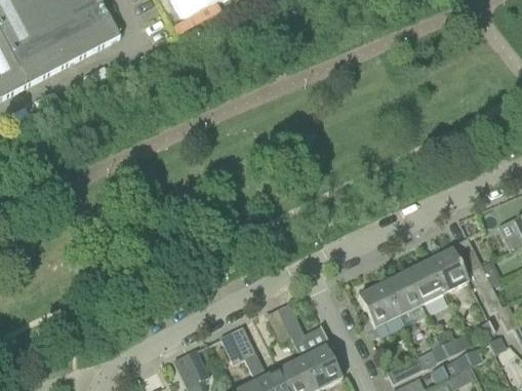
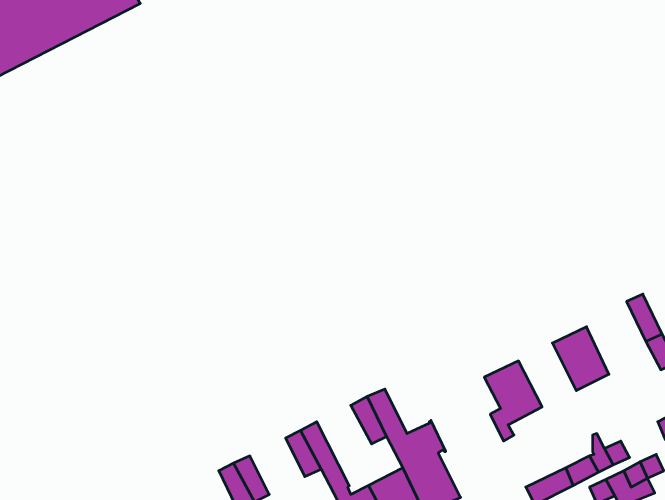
building: [429,248,469,292] -> none
building: [382,271,421,315] -> none

